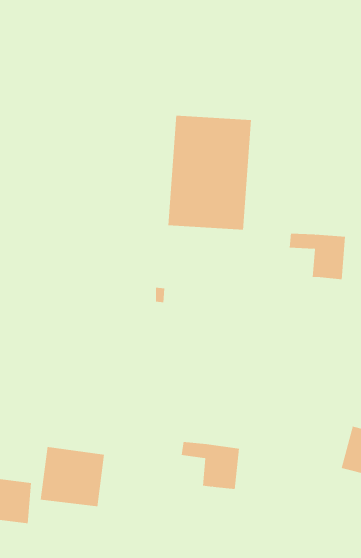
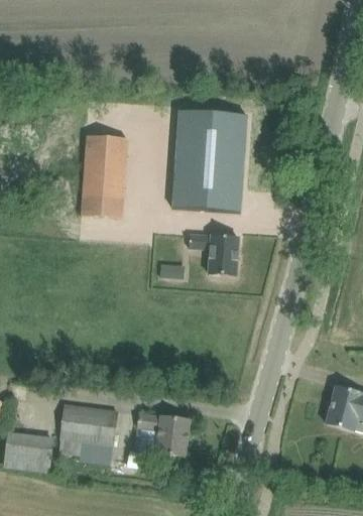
building: none -> [80,134,127,218]
building: [289,233,346,280] -> [189,234,239,275]
building: [181,442,240,489] -> [137,413,190,456]

